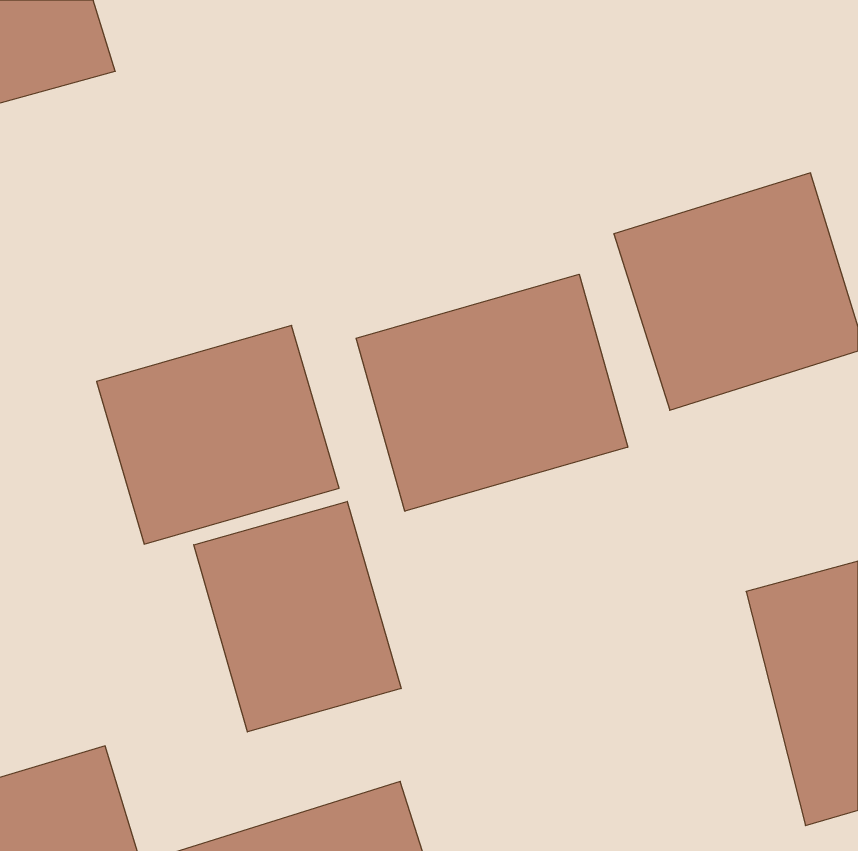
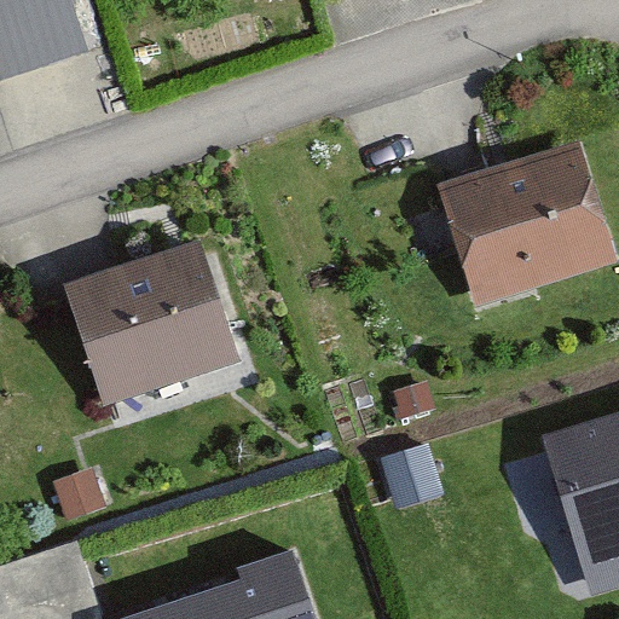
building: [356,274,628,511] -> none
building: [194,501,401,732] -> none

